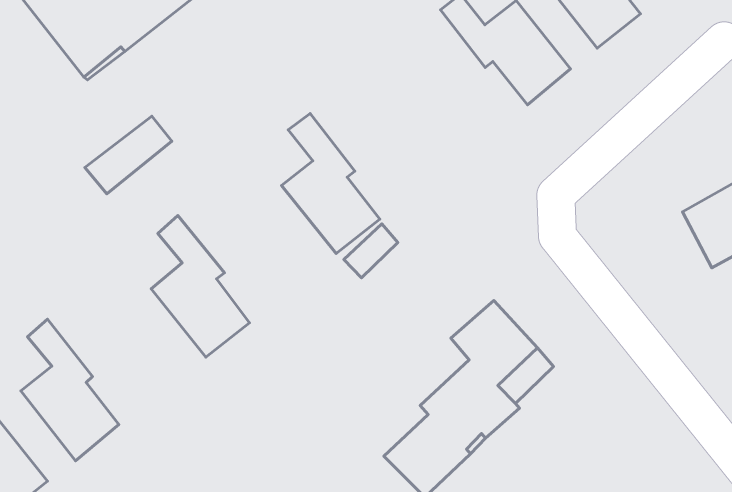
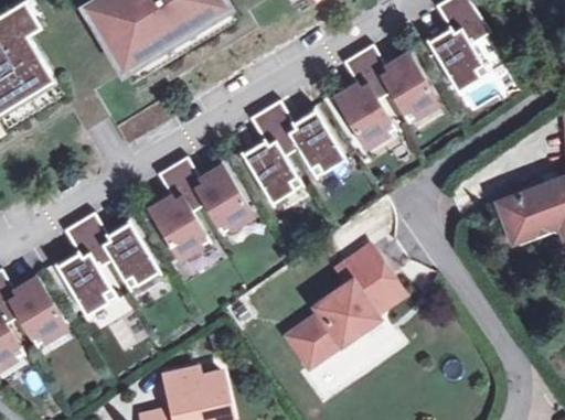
building: none -> [333,53,395,147]
building: none -> [265,100,344,176]
building: none -> [171,157,250,233]
building: none -> [78,213,158,288]

